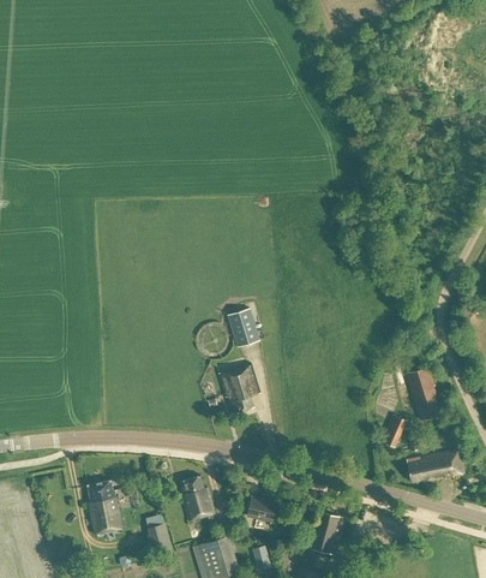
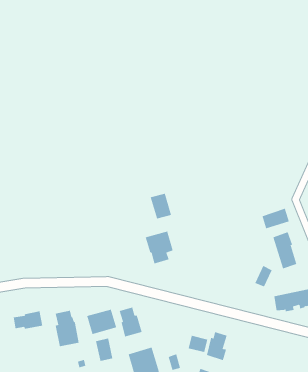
building: none -> [262,208,289,229]
building: none -> [86,309,117,335]
building: none -> [13,311,43,329]
building: [246,495,276,520] -> [188,335,208,352]

